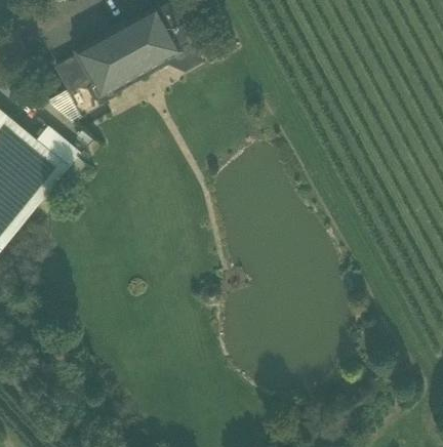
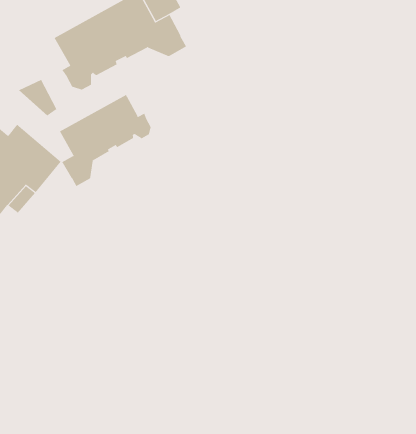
building: [54,53,90,89] -> none
building: none -> [59,94,151,187]

